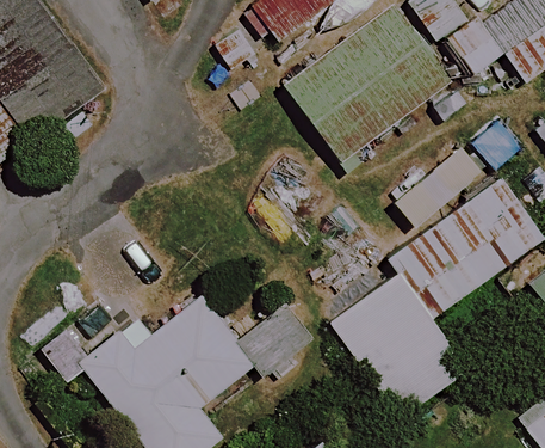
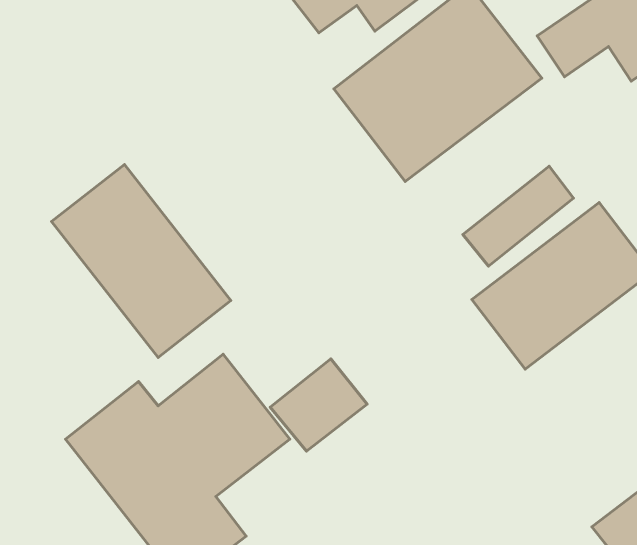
building: none -> [52,164,231,357]
building: [340,278,465,410] -> none

